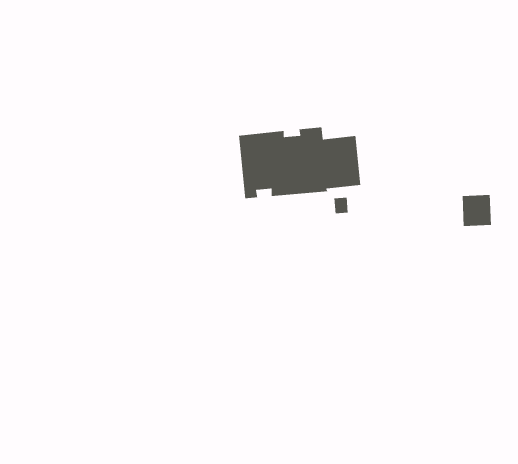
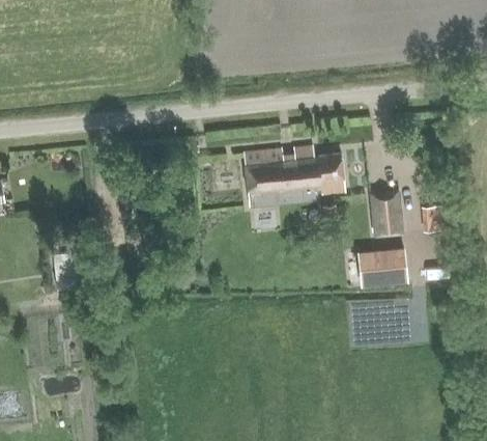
building: none -> [368,193,402,238]
building: none -> [356,248,406,287]

